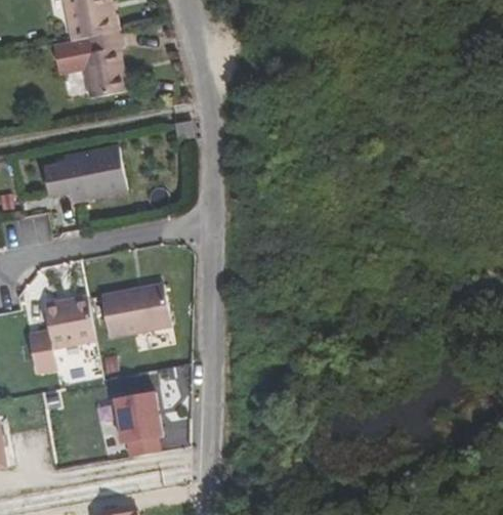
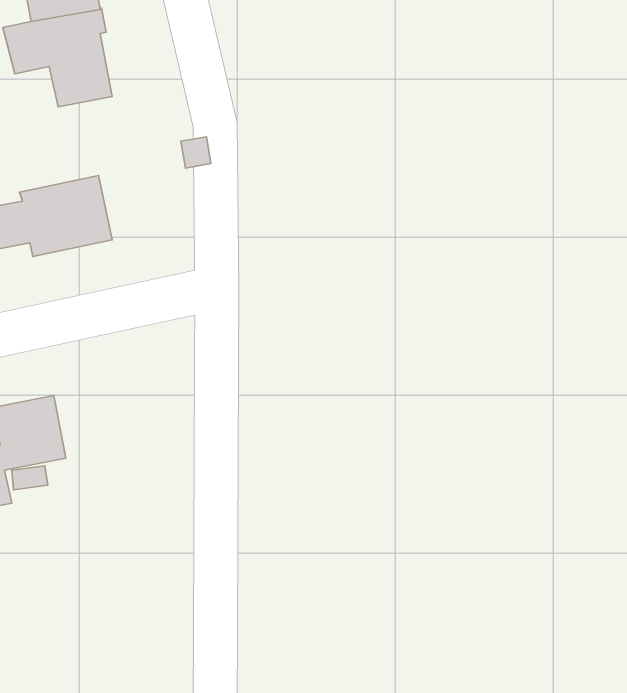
building: [100,283,170,337] -> none
building: [114,391,162,457] -> none

